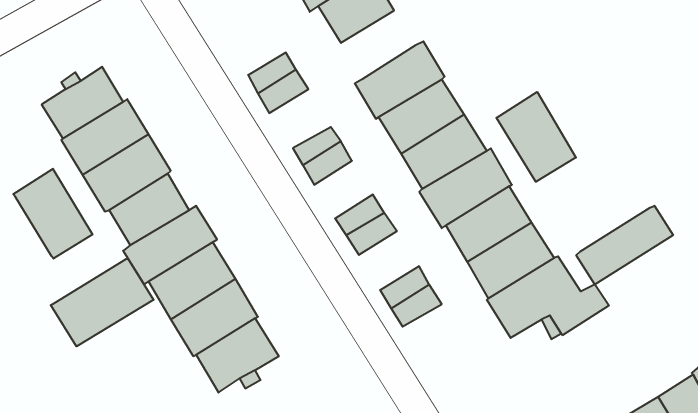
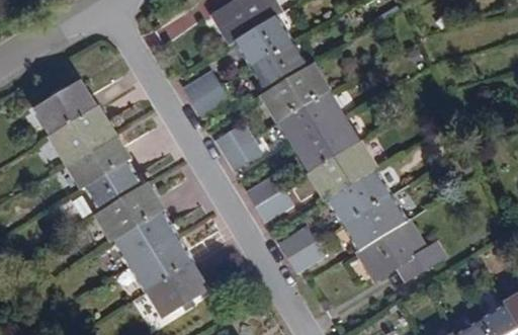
building: none -> [251,41,305,91]
building: [496,92,576,182] -> none
building: [13,169,92,259] -> none
building: [576,206,673,284] -> none
building: [51,258,154,346] -> none

